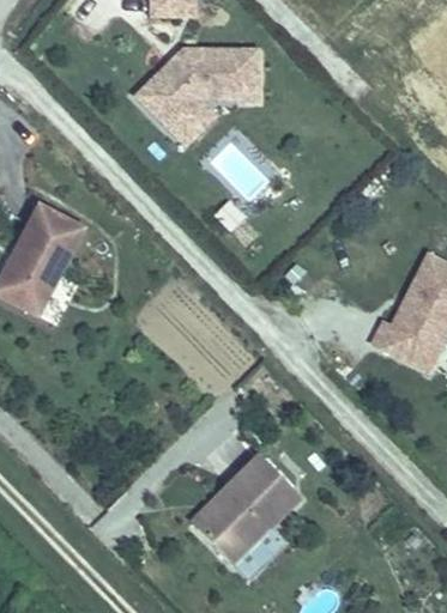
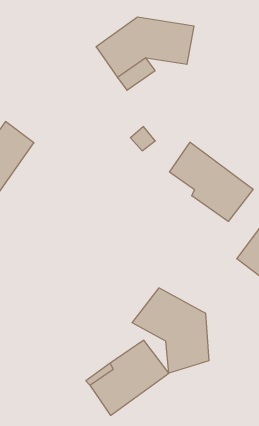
building: none -> [170,142,253,221]
building: none -> [132,288,209,373]

